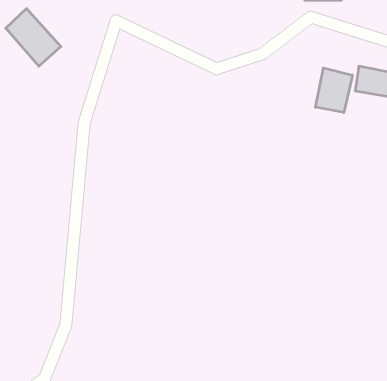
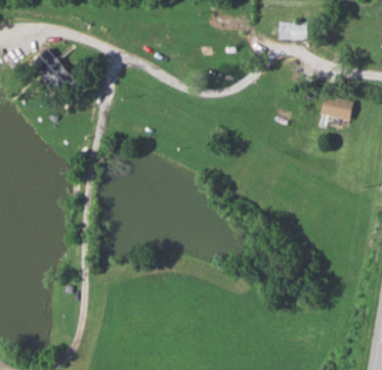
building: [315,68,352,113] -> none

